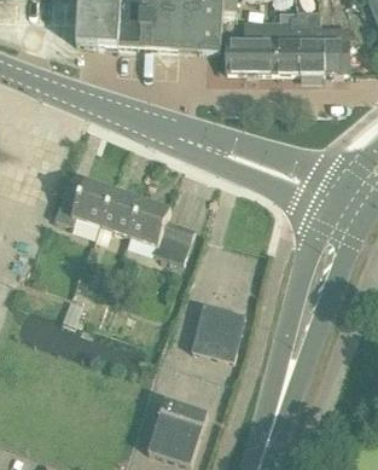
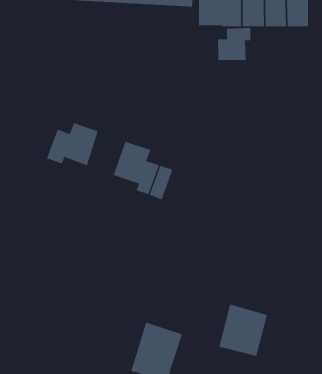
building: none -> [217,27,251,61]
building: [100,186,141,234] -> none
building: [191,302,245,360] -> [218,304,268,357]

